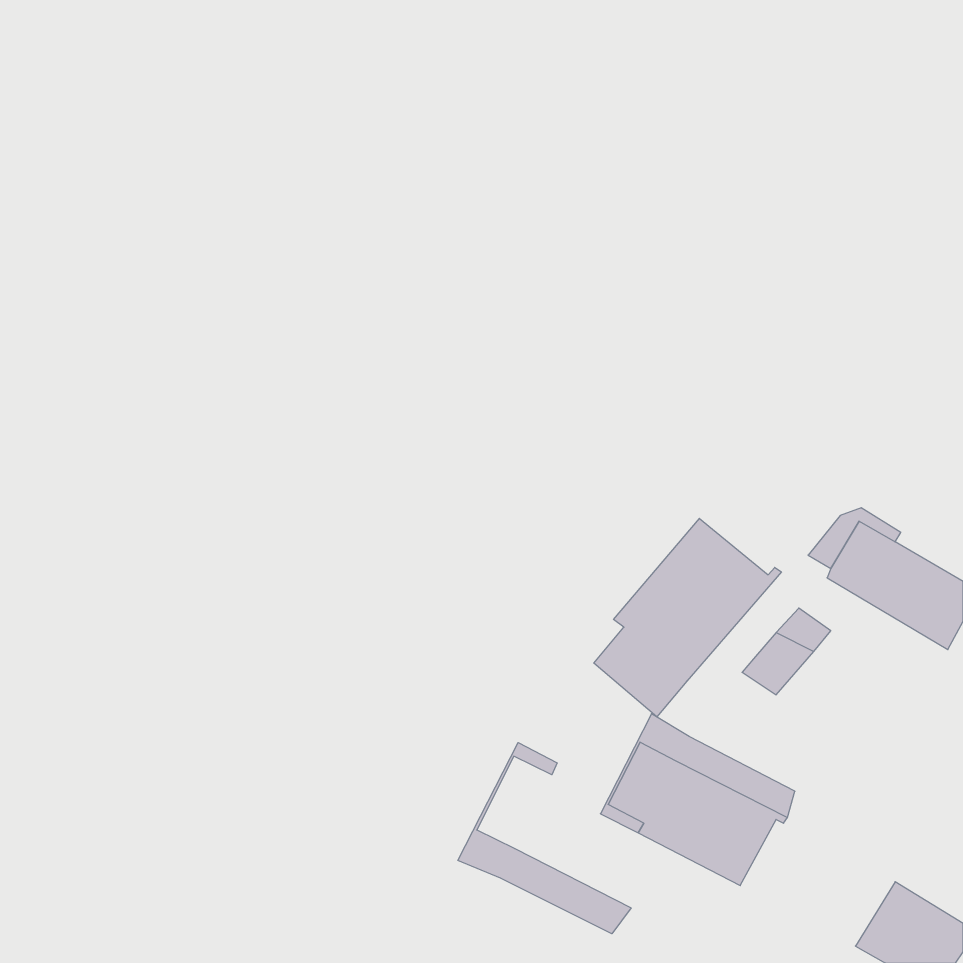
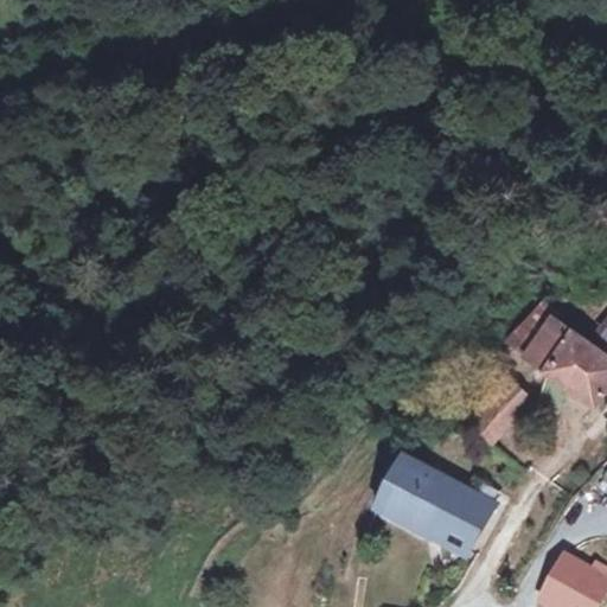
building: [594,518,781,717] -> none
building: [458,743,631,934] -> none

